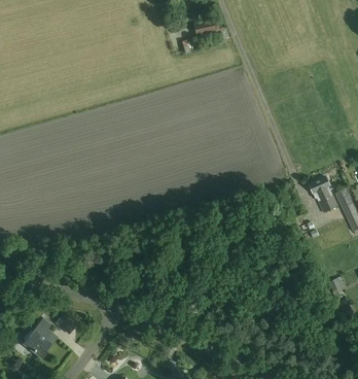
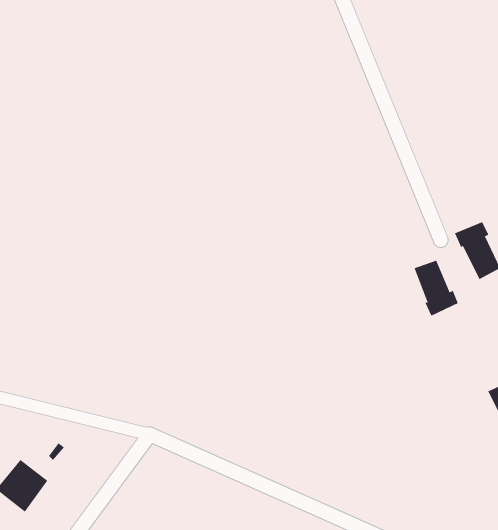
building: none -> [414,260,458,317]

